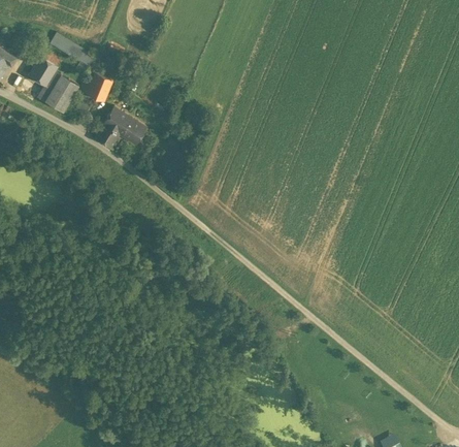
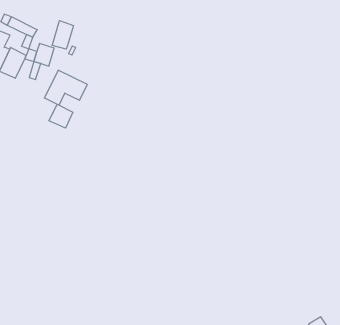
building: none -> [52,21,73,49]
building: none -> [49,104,73,128]

